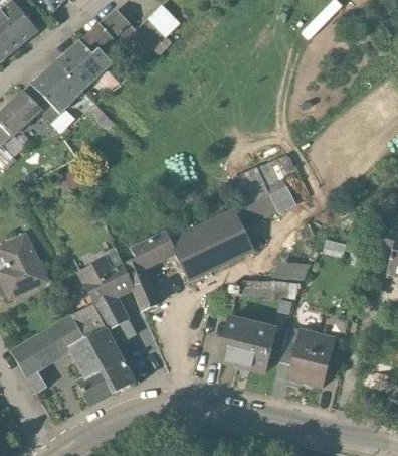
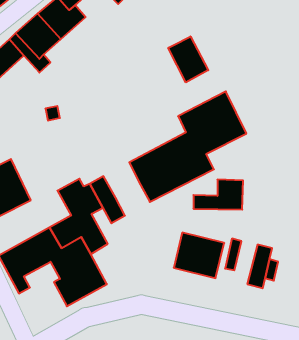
building: none -> [168,36,208,82]
building: [134,236,177,277] -> none
building: [284,328,315,378] -> none

